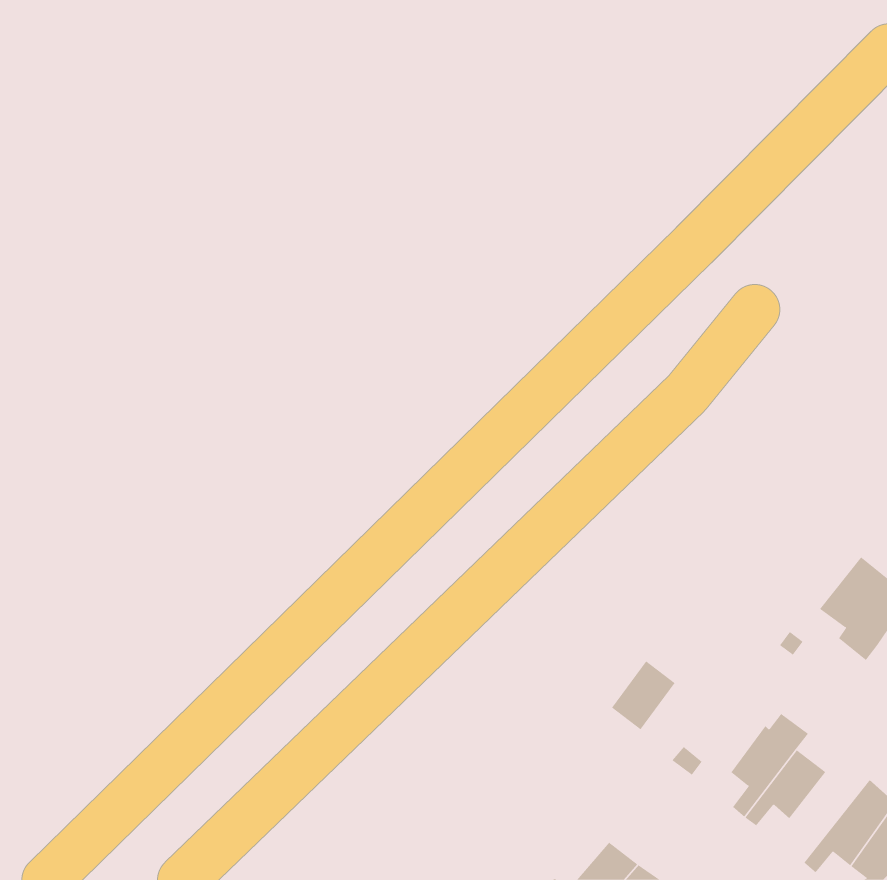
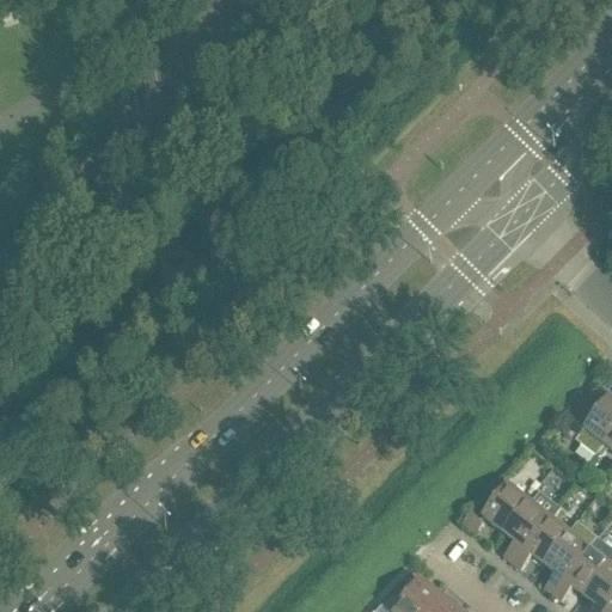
building: [611,661,675,730] -> [483,483,527,531]
building: none -> [544,520,599,593]

